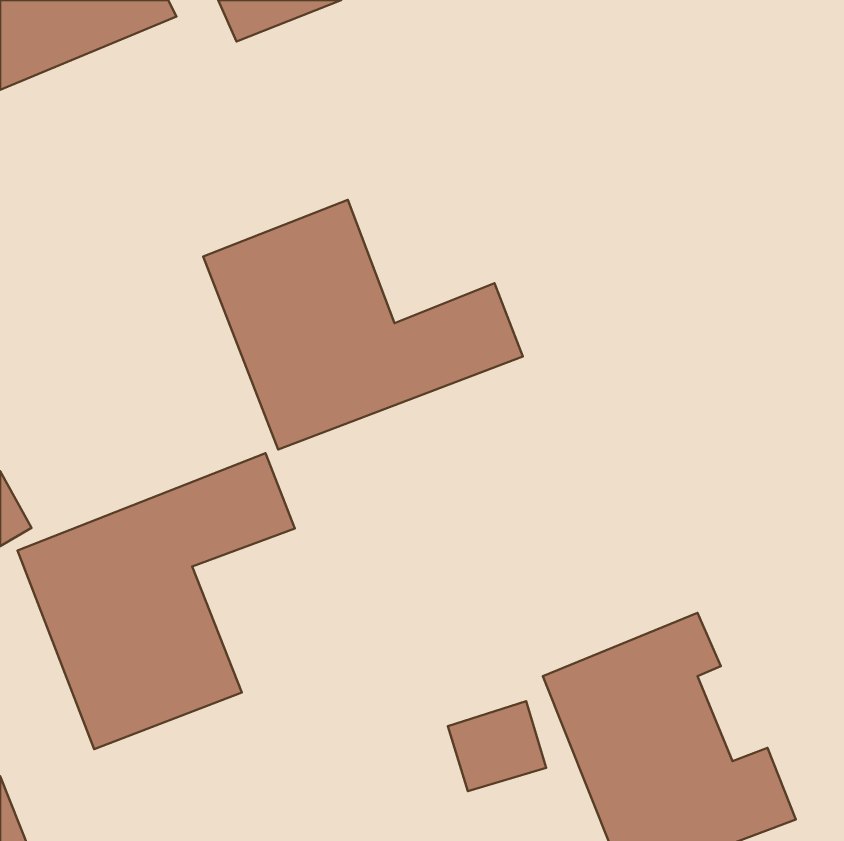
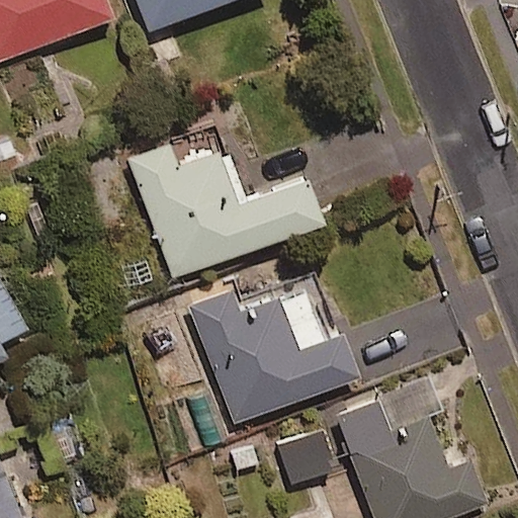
building: none -> [188,261,359,426]
building: [18,453,295,749] -> none

